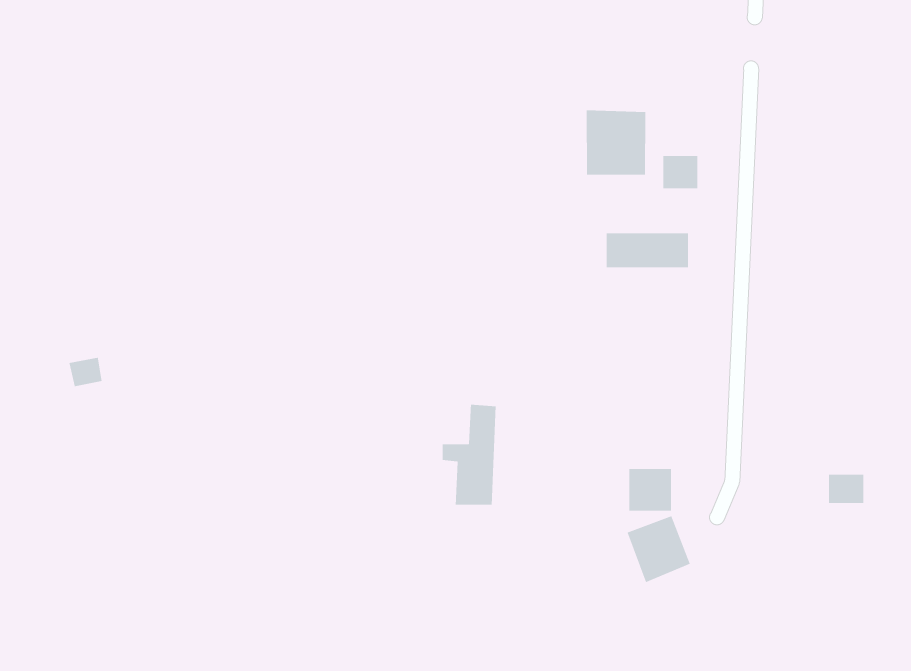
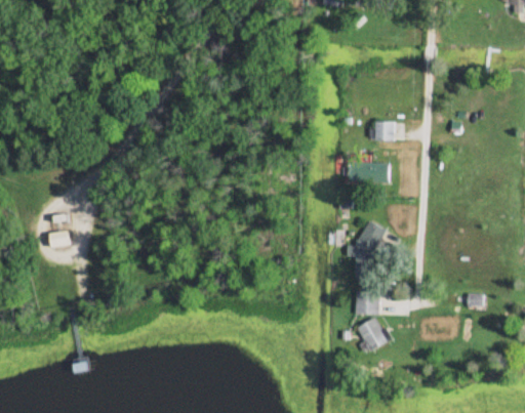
building: [586,109,646,176] -> none
building: [442,404,496,506] -> [348,223,377,279]

